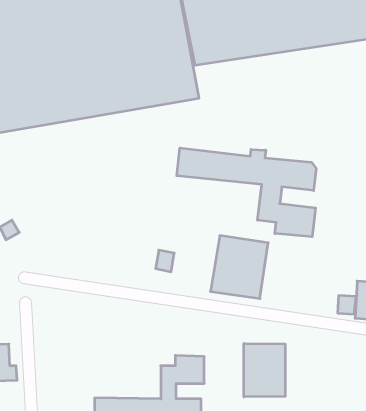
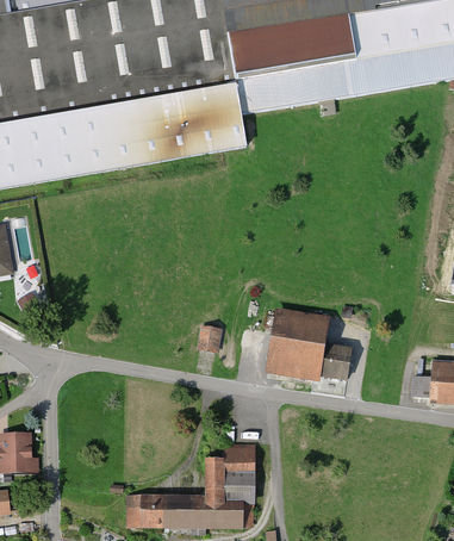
building: [177,148,316,237] -> none
building: none -> [323,343,350,366]
building: [244,343,285,397] -> none

